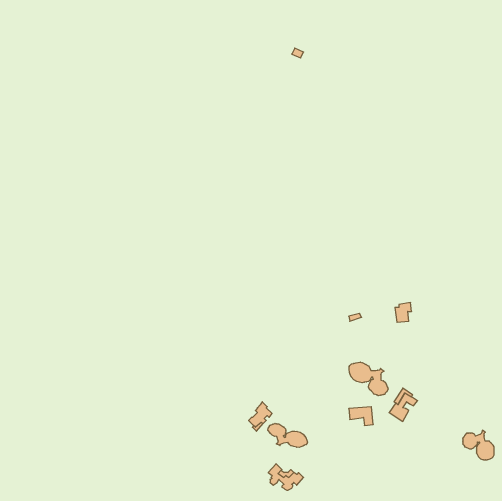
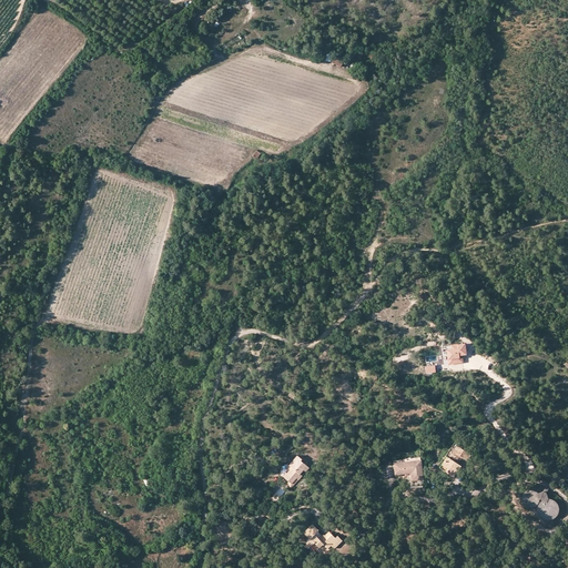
building: [349,362,388,396] -> none
building: [268,423,307,447] -> none

